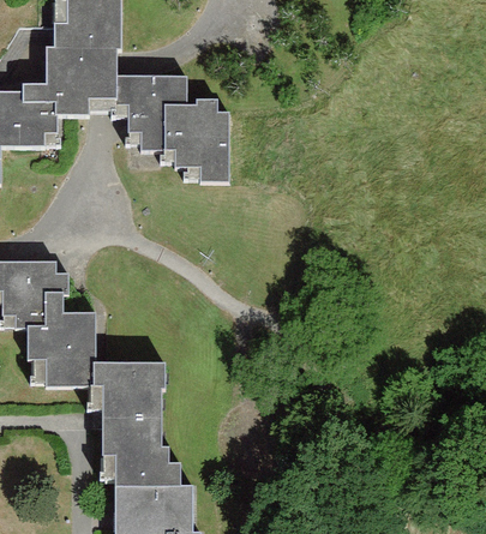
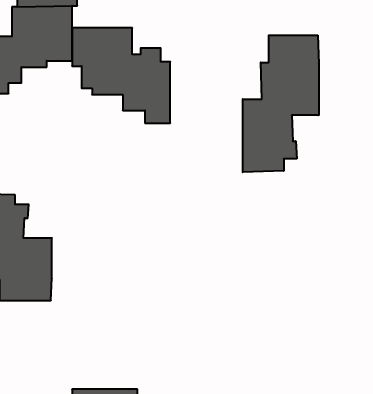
building: none -> [243,35,319,172]
building: [92,359,182,485] -> none

